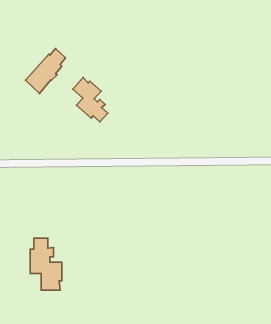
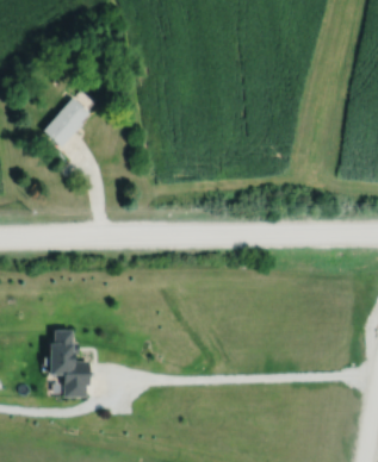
building: [73,77,108,122] -> none

